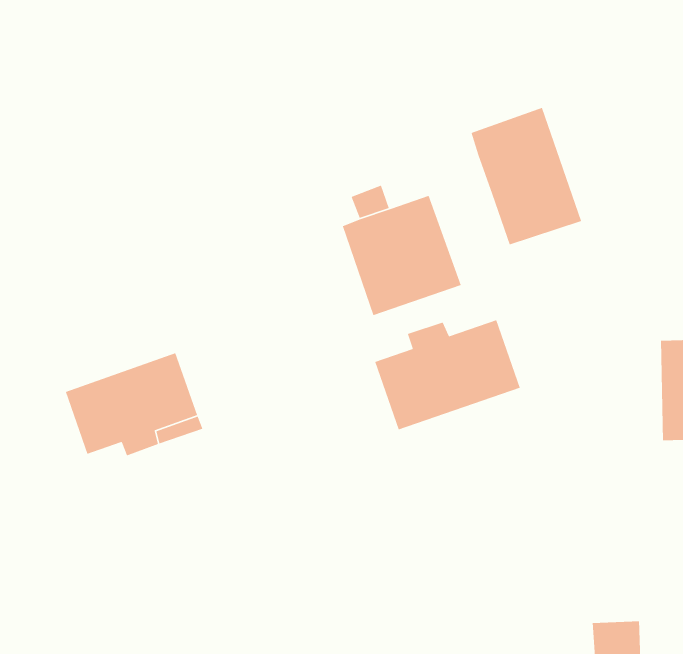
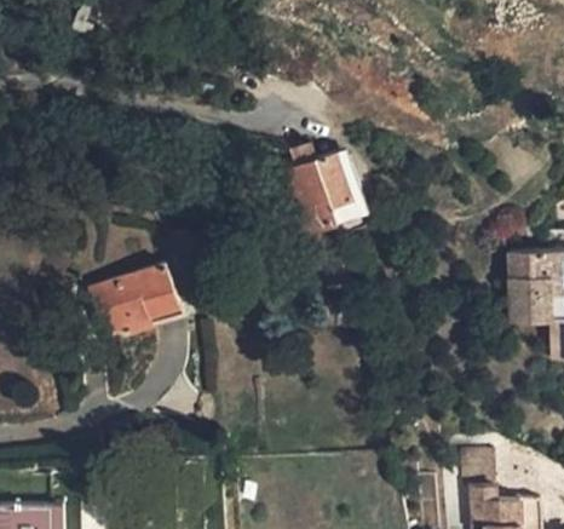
building: [470,107,582,245] -> none
building: [374,319,521,431] -> none

